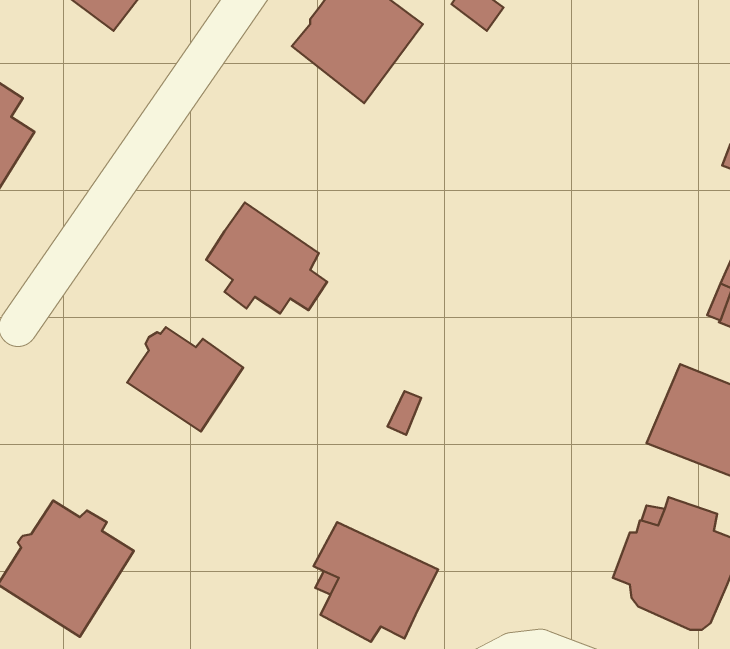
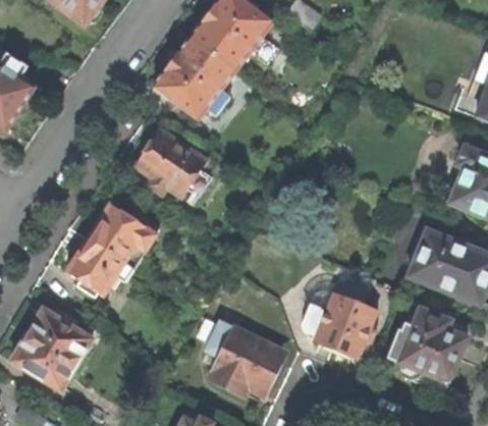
building: none -> [155,34,235,118]
building: none -> [70,237,137,297]
building: none -> [300,292,373,356]

